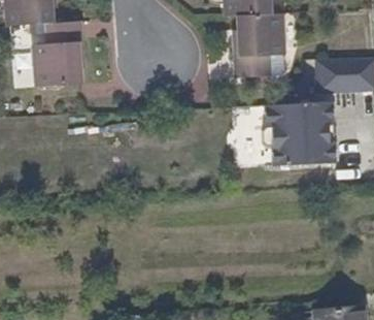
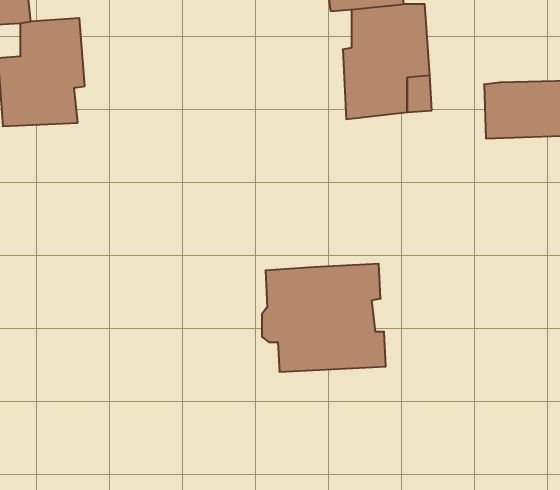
building: [263,100,336,164] -> [262,264,386,372]

